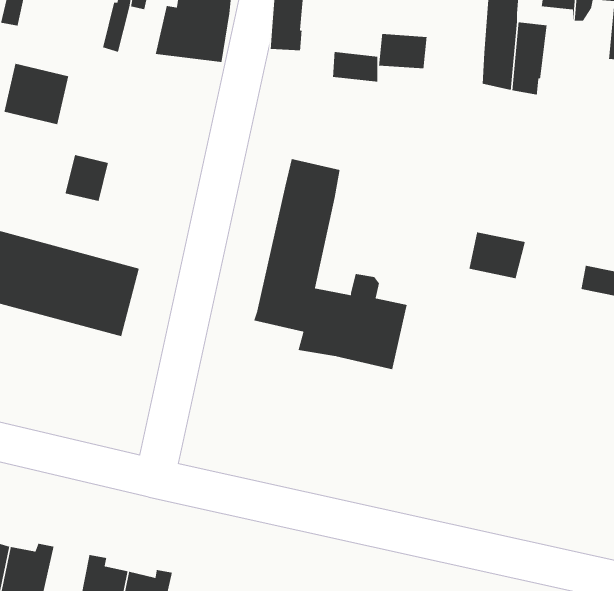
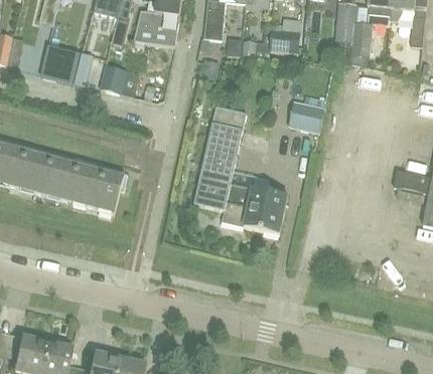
building: [65,154,109,202] -> [100,63,127,92]
building: [468,231,526,279] -> [289,103,324,132]

